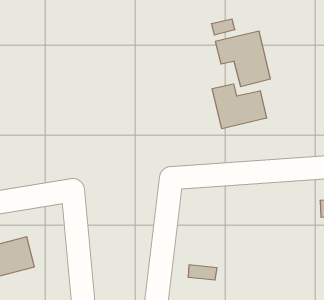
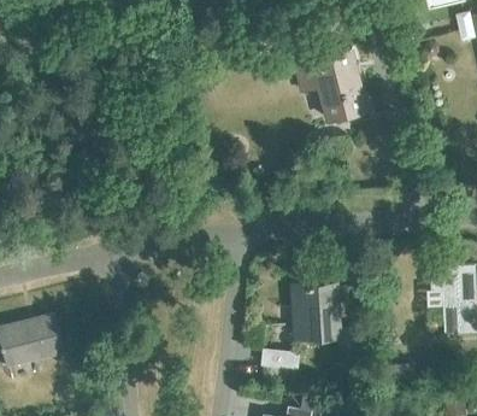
building: [212,84,266,129] -> none
building: none -> [289,281,363,342]

